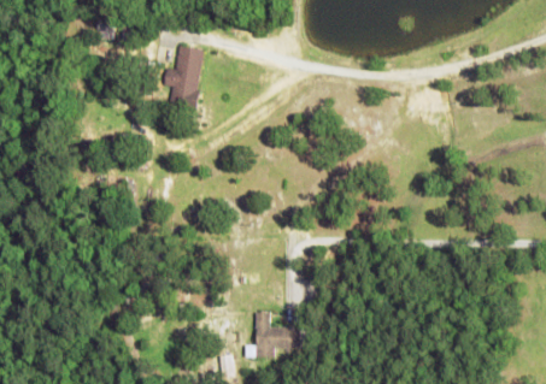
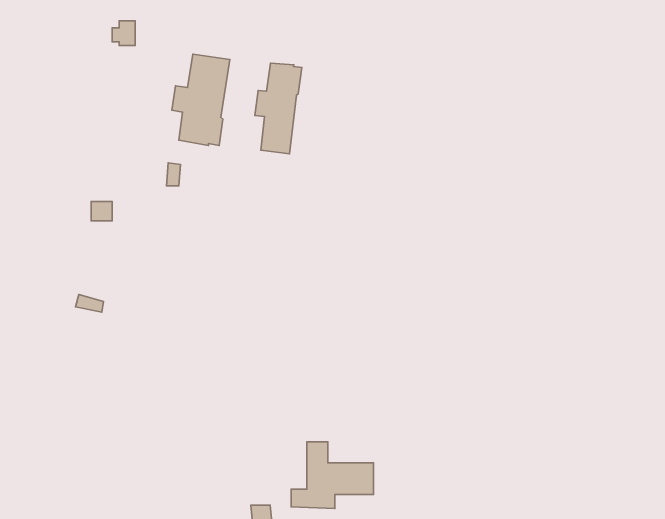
building: none -> [255,63,302,154]

